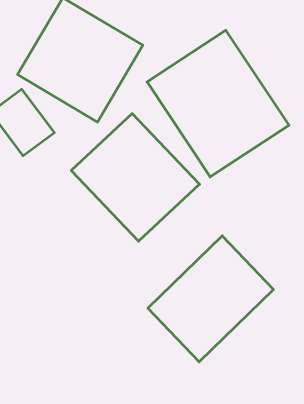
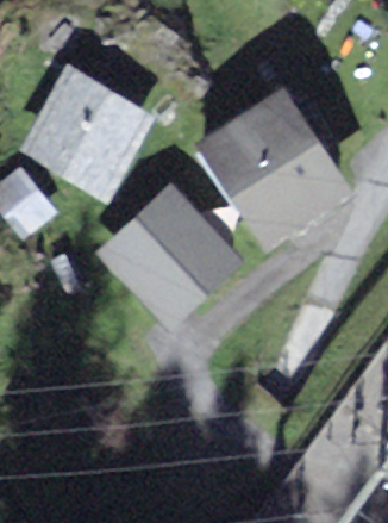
building: [148,236,273,362] -> none

